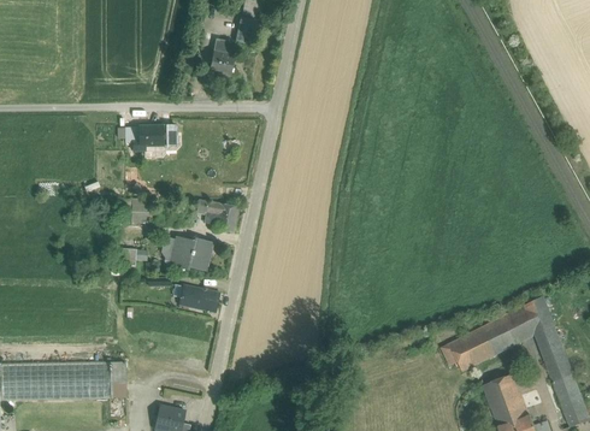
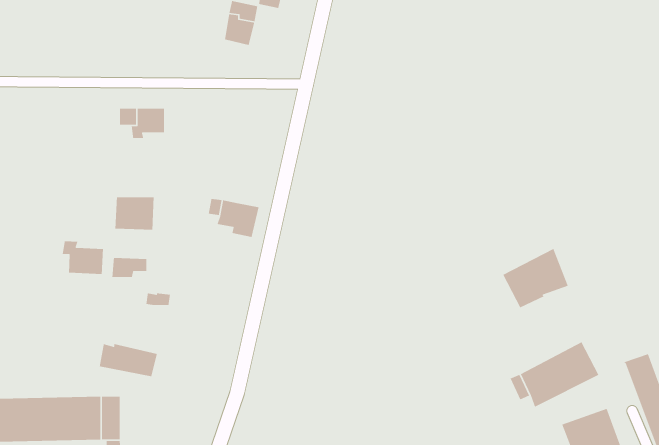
building: none -> [62,241,104,275]
building: [171,237,210,271] -> none
building: [170,284,218,312] -> [99,343,158,377]
building: [500,295,554,344] -> [502,248,569,308]

